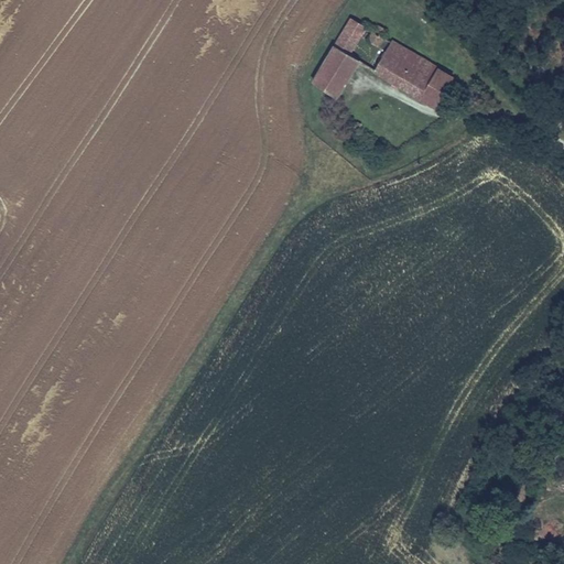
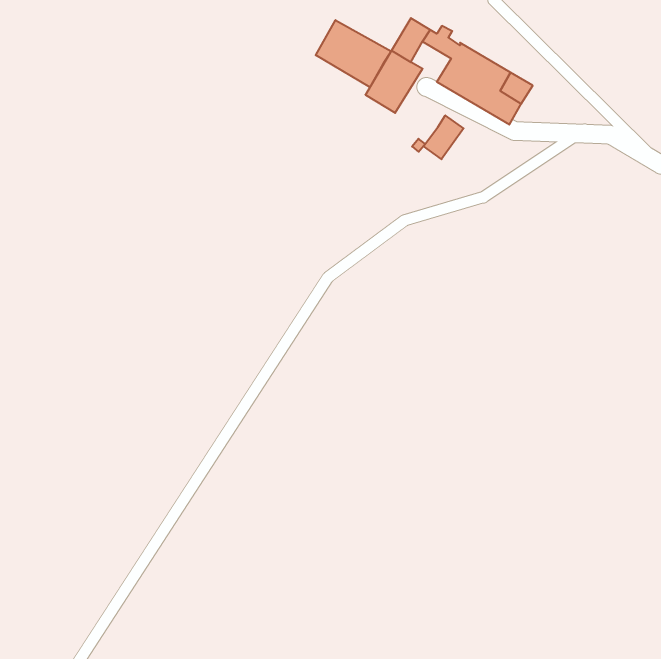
building: none -> [316,20,391,87]
building: none -> [423,115,464,159]

